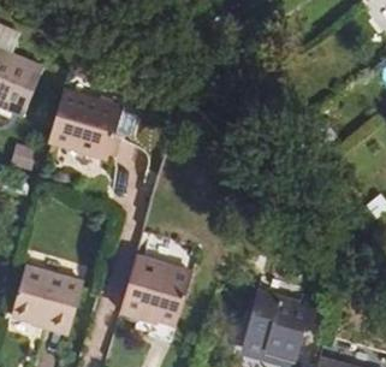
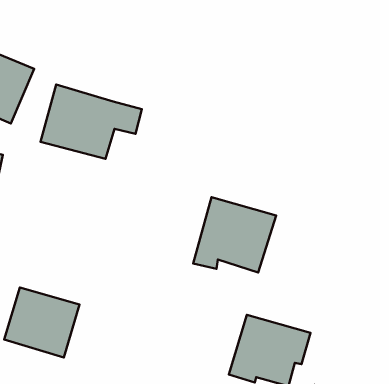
building: [124,259,201,328] -> [193,197,276,273]

